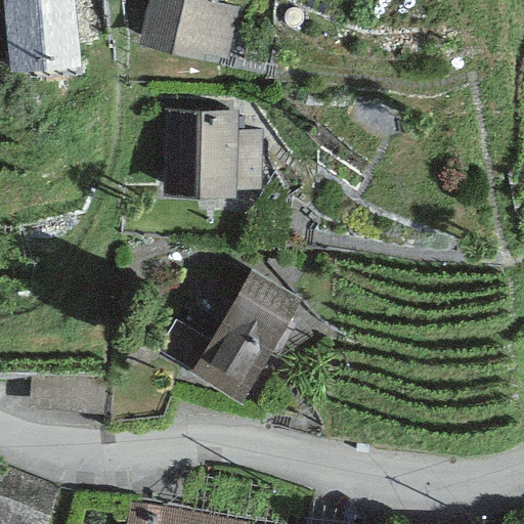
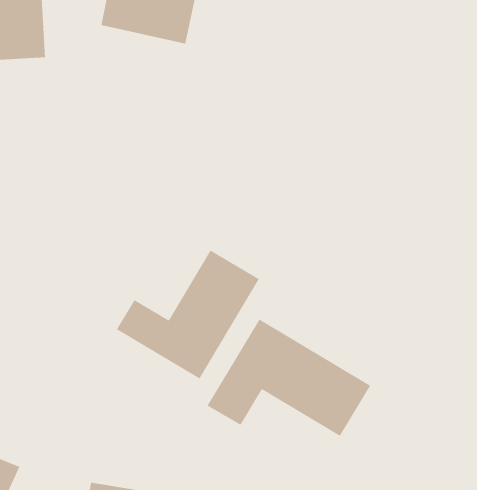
building: [165,110,262,194] -> none
building: none -> [207,319,371,437]

